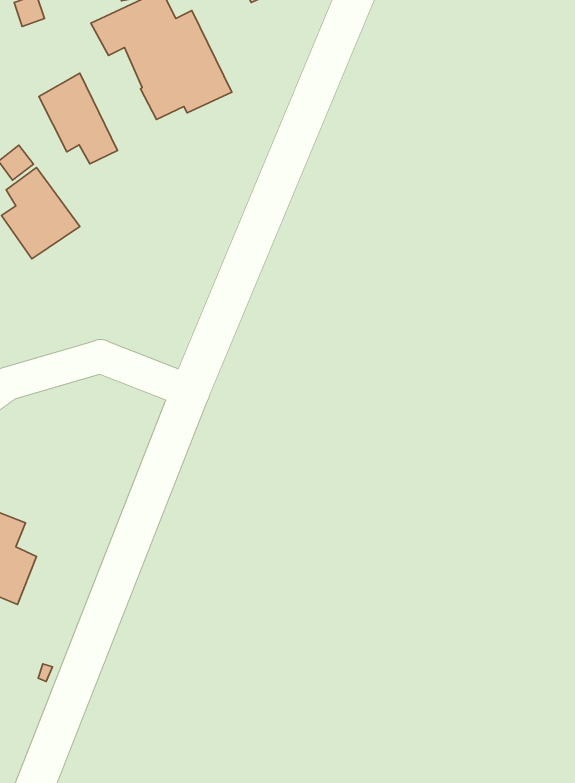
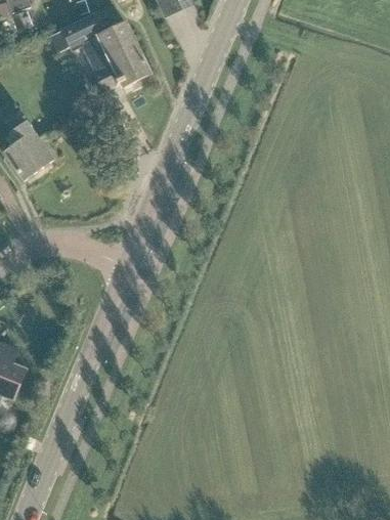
building: [39,73,118,164] -> none

